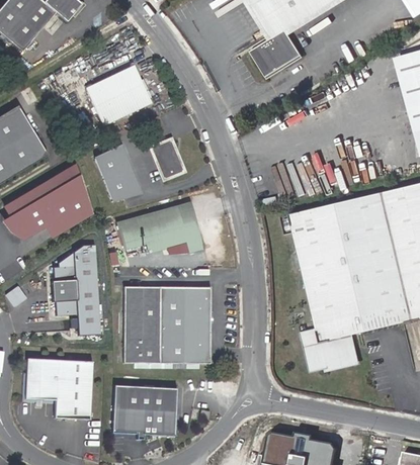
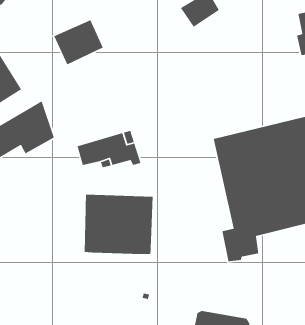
building: [152,140,182,178] -> none
building: [97,144,138,201] -> none
building: [52,251,100,336] -> none
building: [27,359,92,421] -> none
building: [111,394,177,436] -> none

